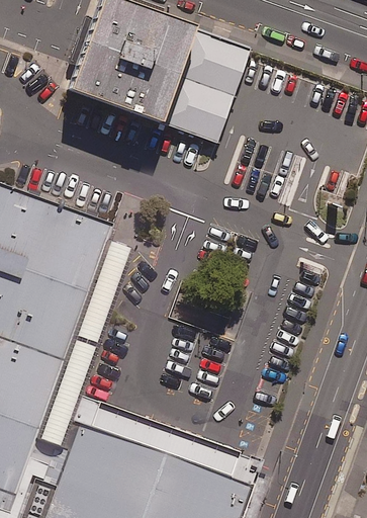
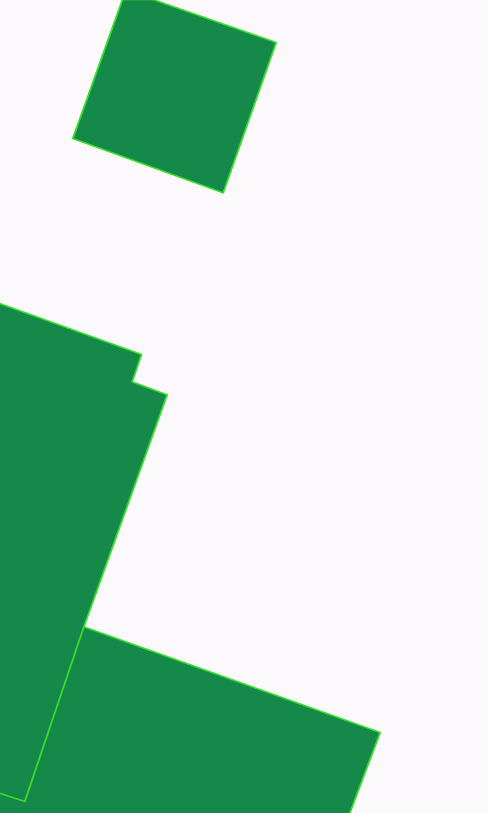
building: [165,33,249,145] -> none

